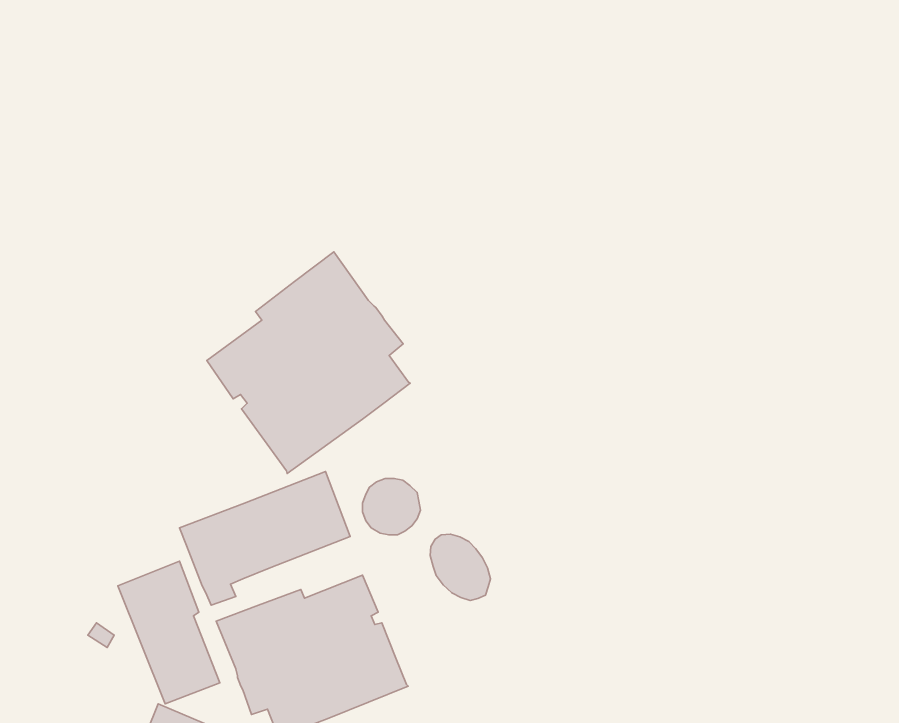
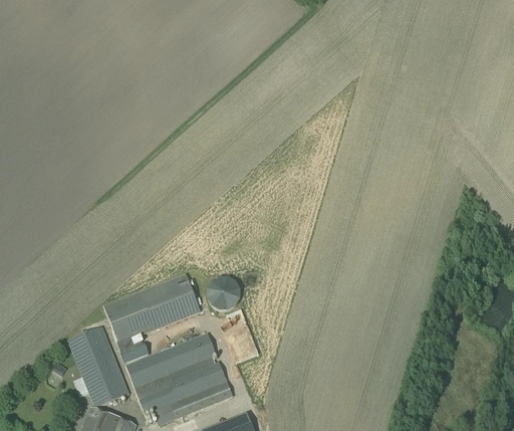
building: [207,252,410,474] -> none
building: [430,534,491,600] -> none

